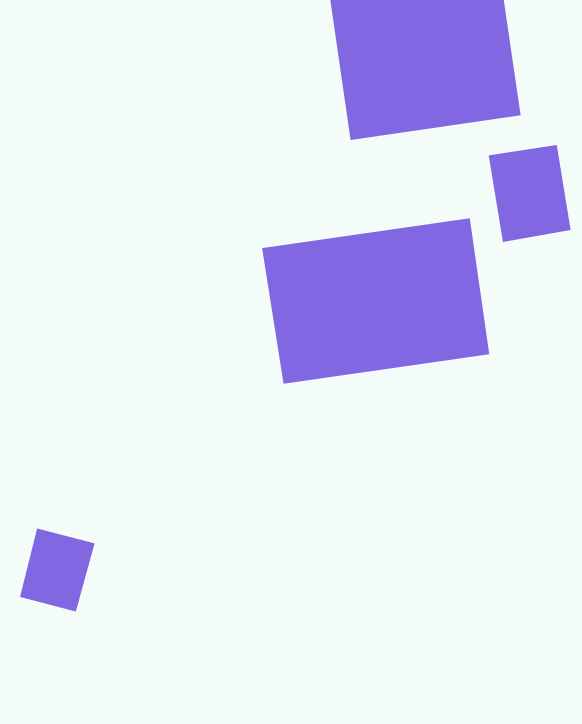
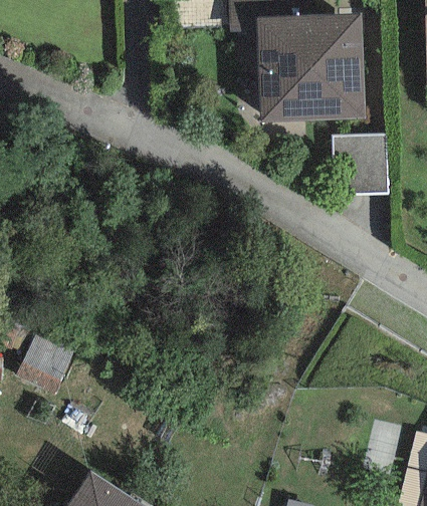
building: [261,217,490,385] -> none

